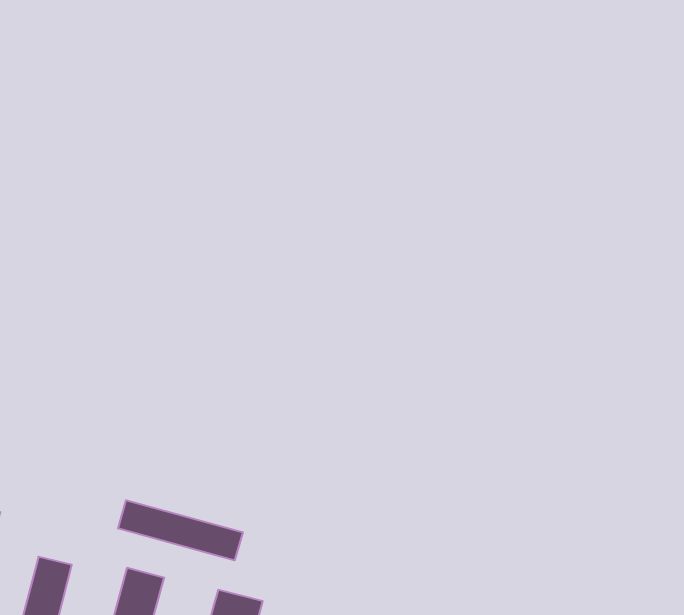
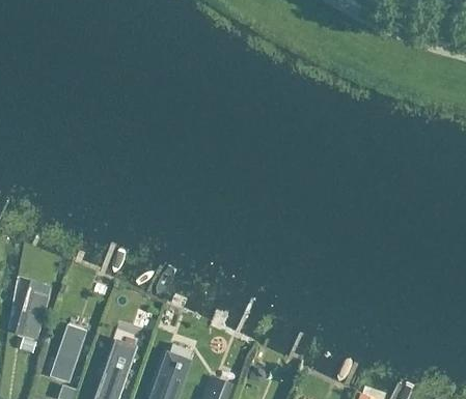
building: [118,500,243,560] -> none

